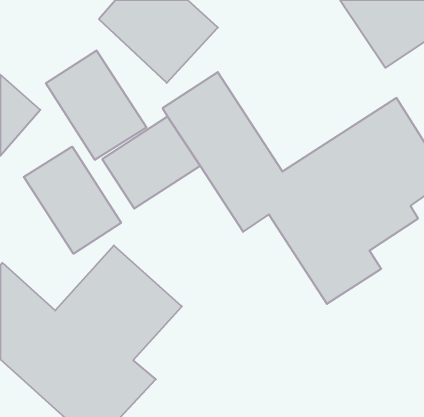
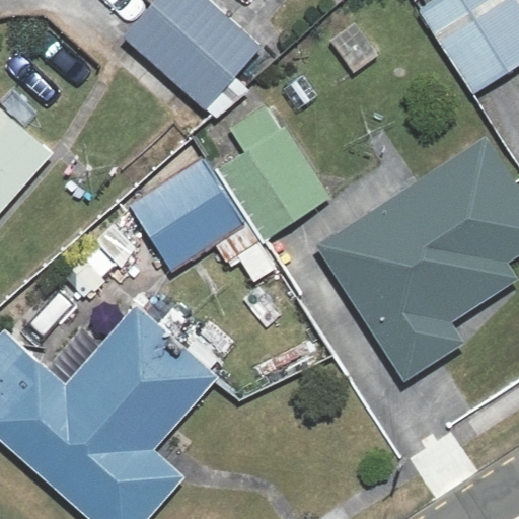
building: [46,50,146,160] -> none
building: [24,147,121,254] -> none

